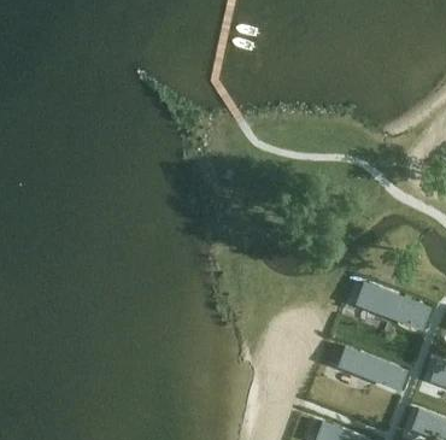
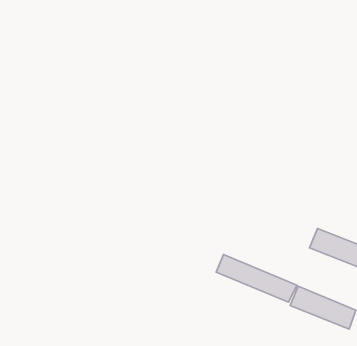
building: none -> [216,254,297,302]

